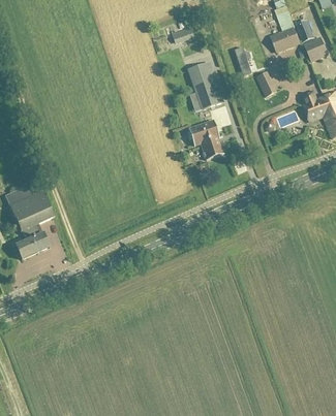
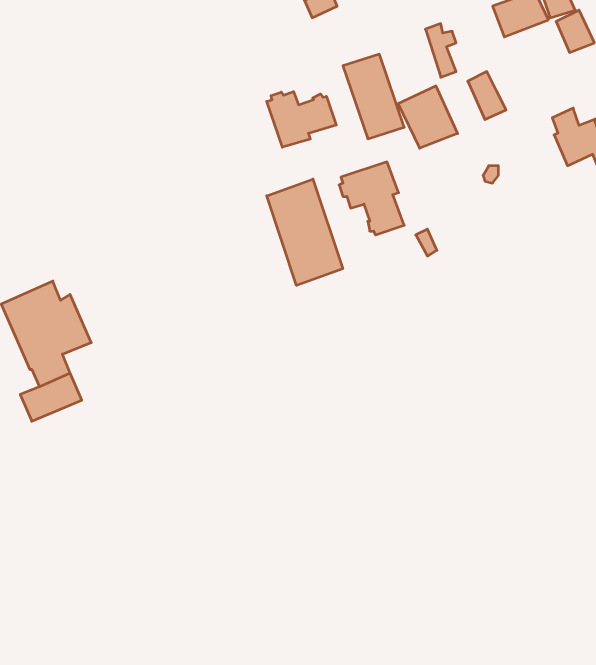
building: none -> [398,86,458,148]
building: none -> [267,92,336,147]
building: none -> [267,179,343,285]

